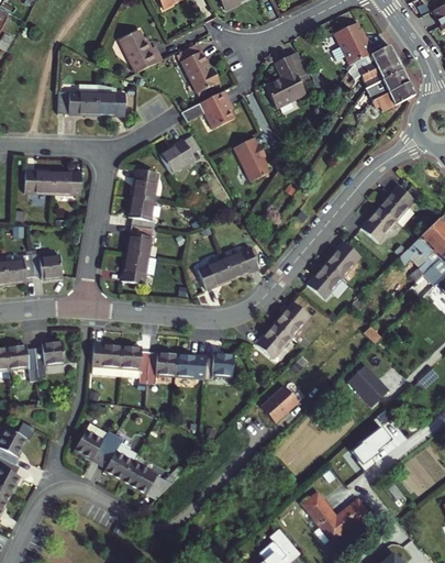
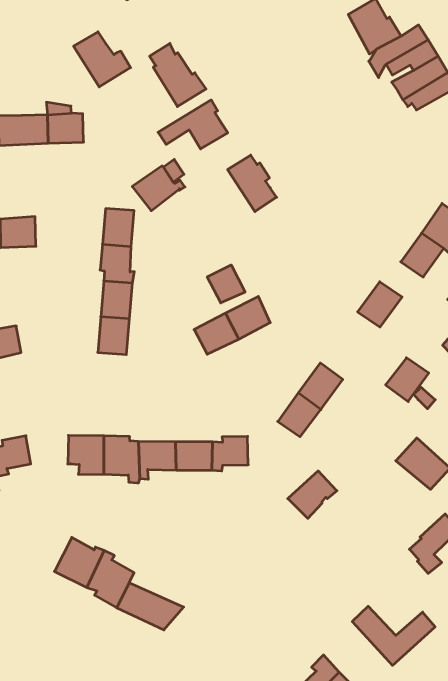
building: [264,55,304,108] -> none
building: none -> [207,265,245,303]
building: [308,264,342,298] -> [386,358,429,402]

